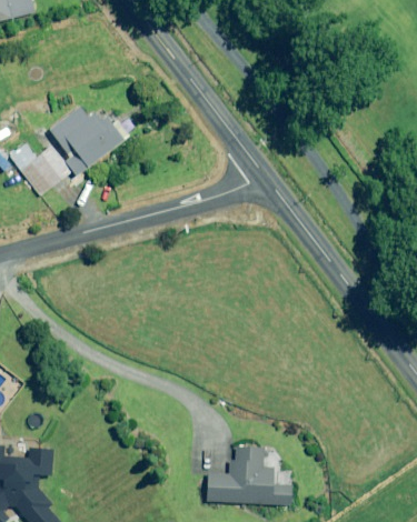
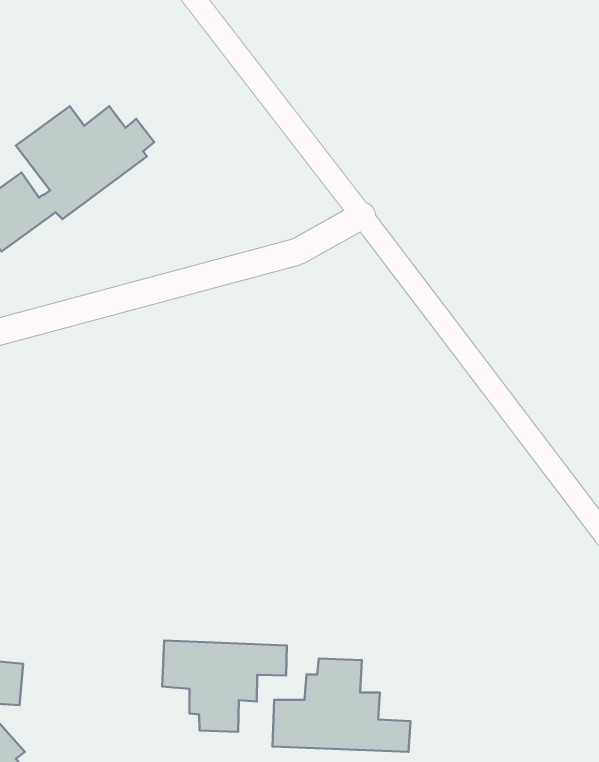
building: none -> [162,641,287,732]

